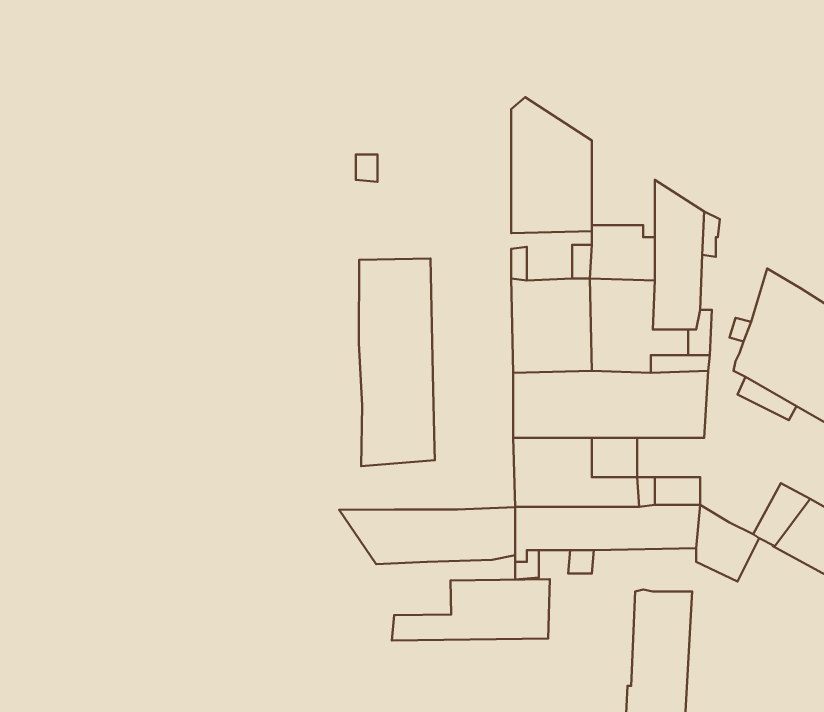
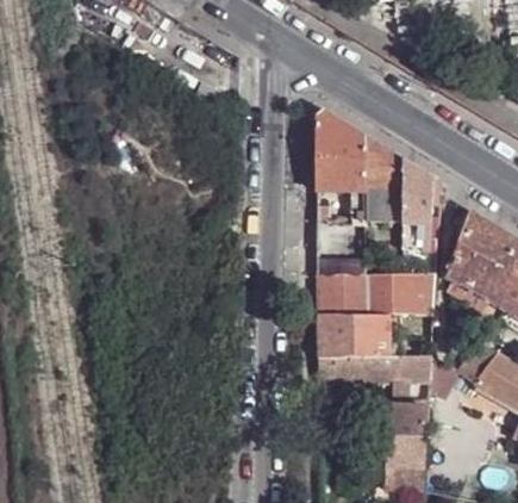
building: none -> [366,136,404,188]
building: [359,259,435,466] -> none
building: [339,507,515,564] -> none
building: [392,579,550,641] -> none

